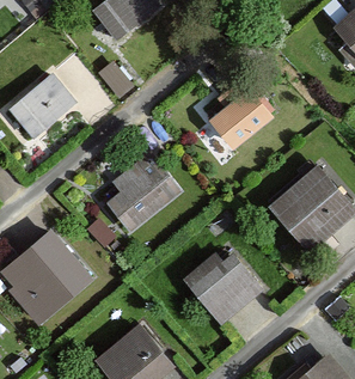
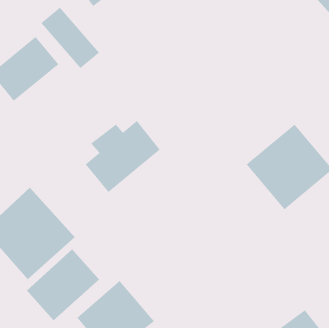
building: [209,80,271,145] -> none
building: [180,250,262,325] -> none
building: none -> [26,249,100,321]

